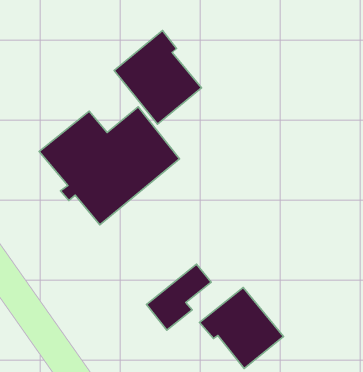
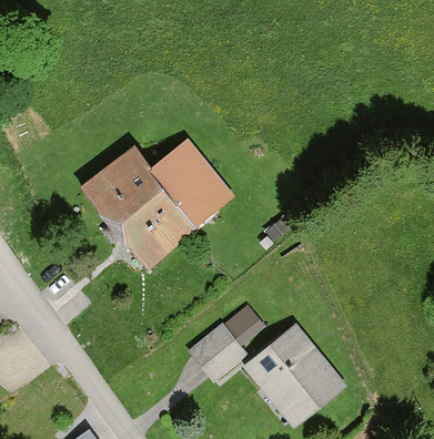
building: [114,30,201,124] -> none

